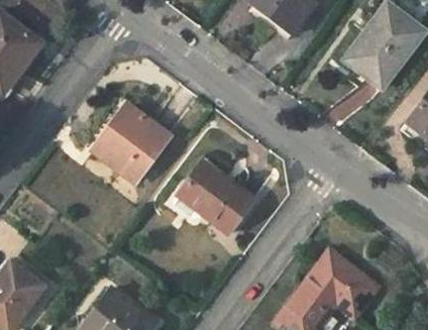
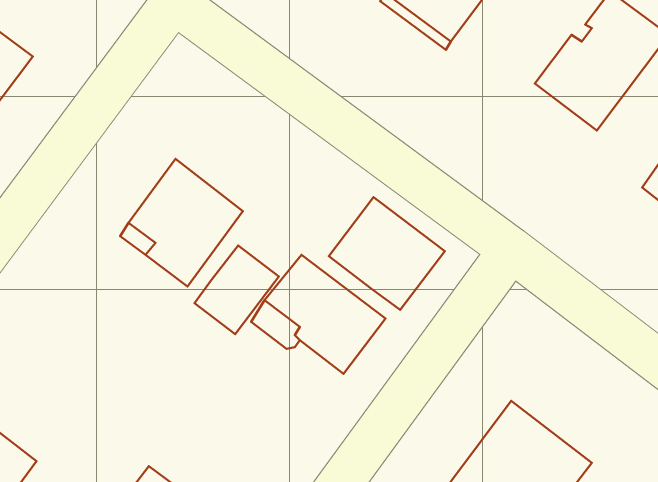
building: none -> [329,197,445,310]
building: none -> [194,246,279,334]

